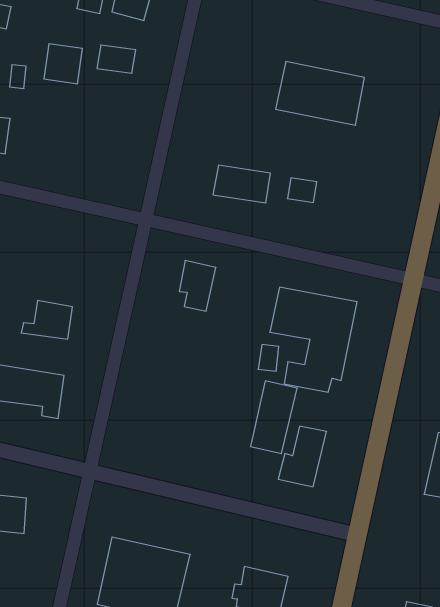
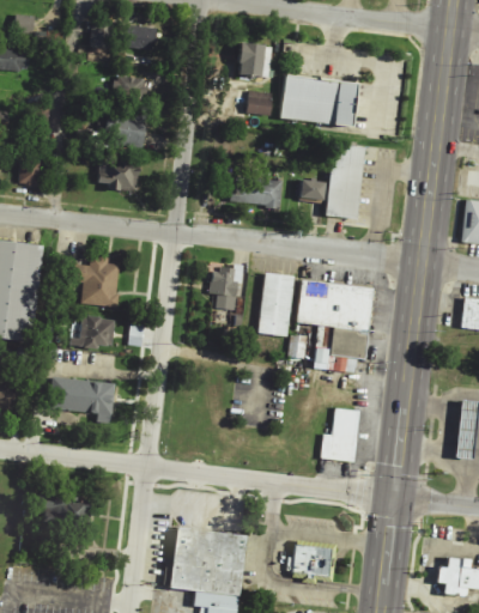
building: none -> [240,45,273,78]
building: [44,44,83,84] -> [114,115,146,148]
building: none -> [249,92,273,116]
building: none -> [98,159,139,194]
building: none -> [327,146,366,220]
building: none -> [68,257,122,309]
building: [251,381,297,454] -> [259,274,296,339]

